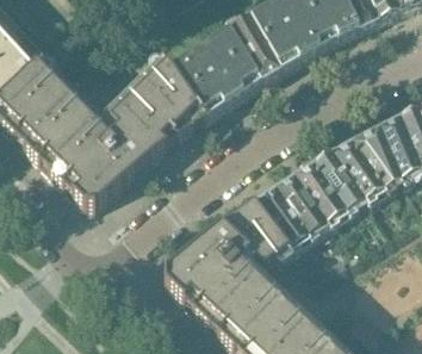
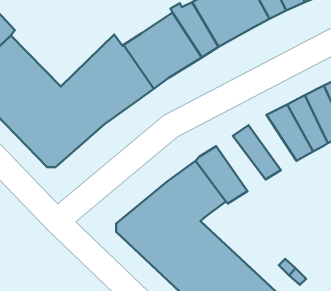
building: [315,145,370,209] -> none
building: [278,169,334,232] -> none

